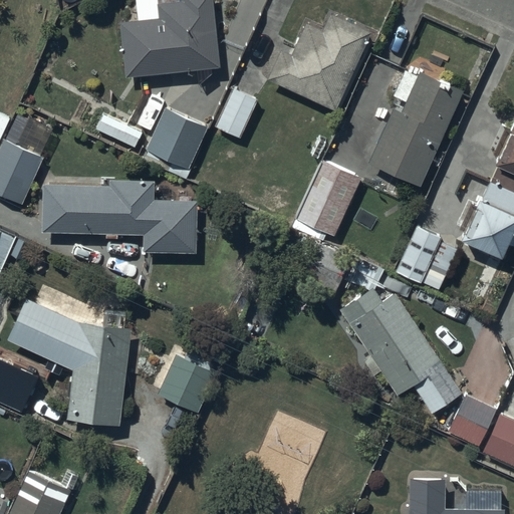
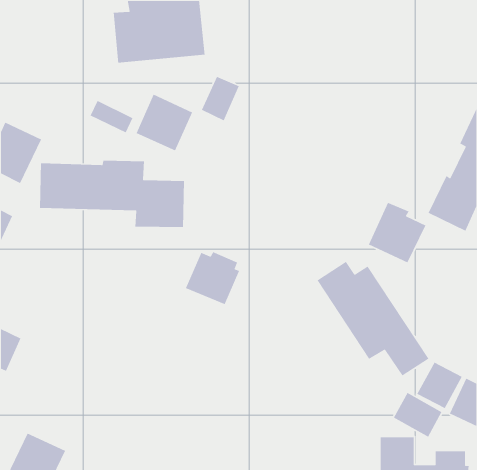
building: [268,14,372,112] -> none
building: [368,70,463,186] -> none
building: [294,161,361,238] -> none
building: [7,297,132,426] -> none
building: [158,354,217,413] -> [185,251,240,305]
building: none -> [393,392,443,438]

